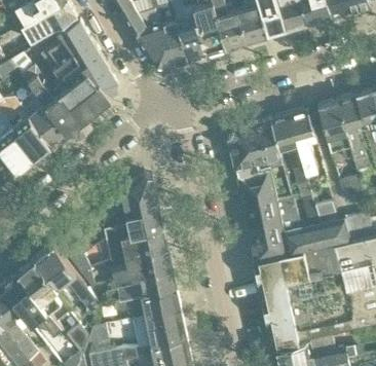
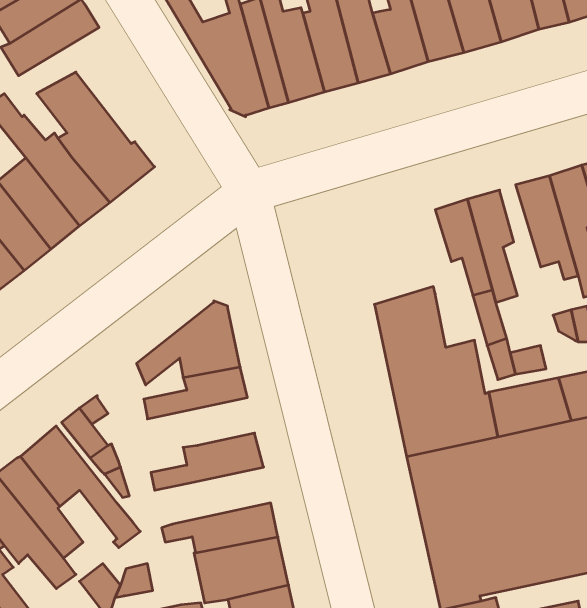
building: [58,20,118,97] -> none
building: [228,121,284,176] -> none
building: [106,229,167,261] -> none
building: [106,269,177,305] -> none

